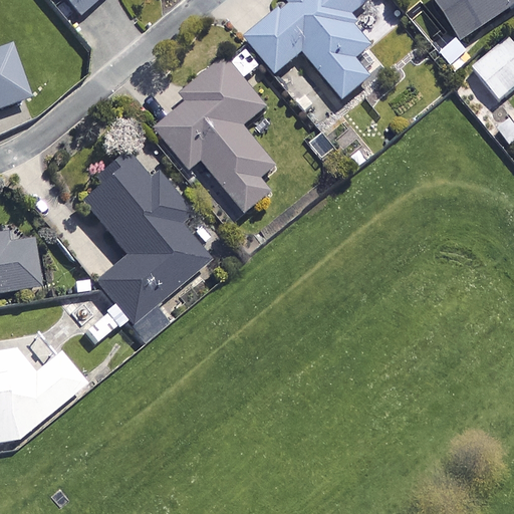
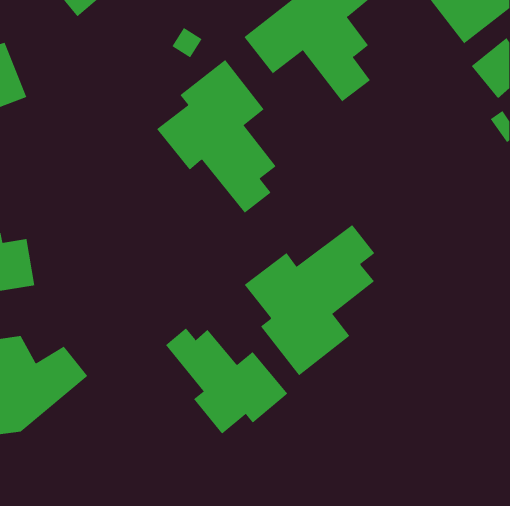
building: [80,143,213,335] -> none
building: none -> [244,224,375,376]
building: none -> [165,328,288,435]

